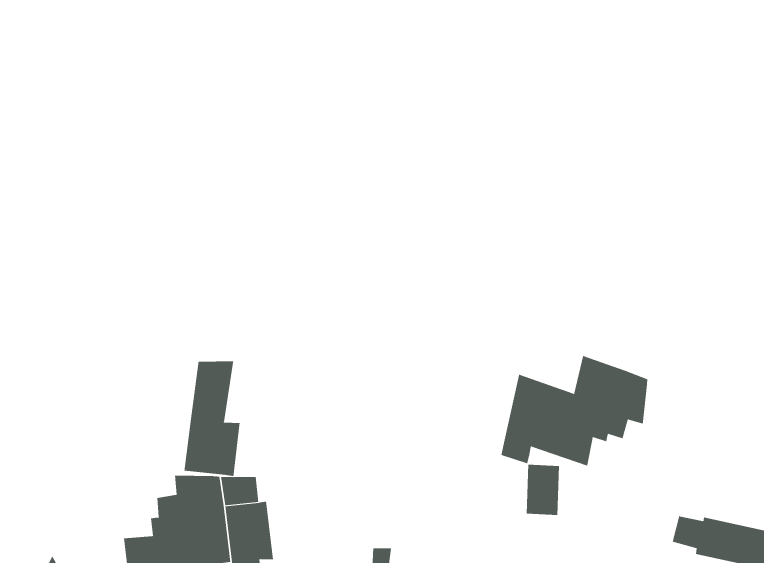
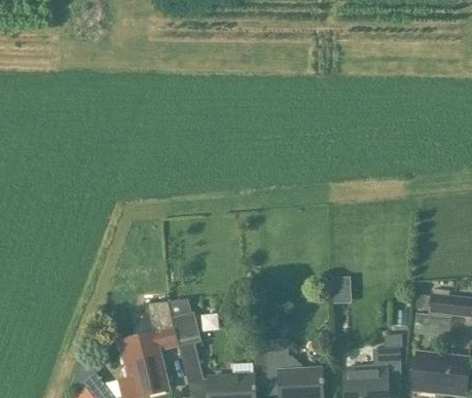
building: [501,355,648,466] -> none
building: [184,360,240,477] -> none

